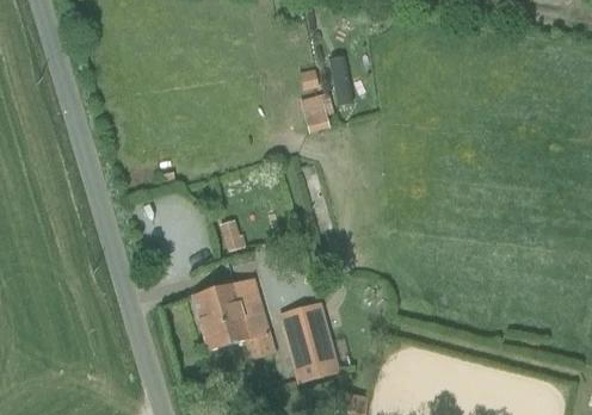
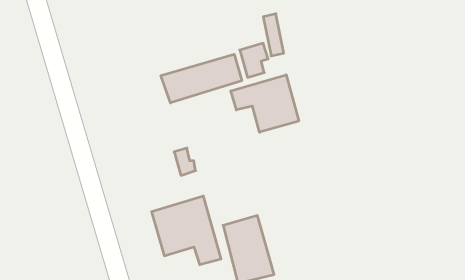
building: none -> [161,54,242,103]
building: none -> [231,75,299,132]

